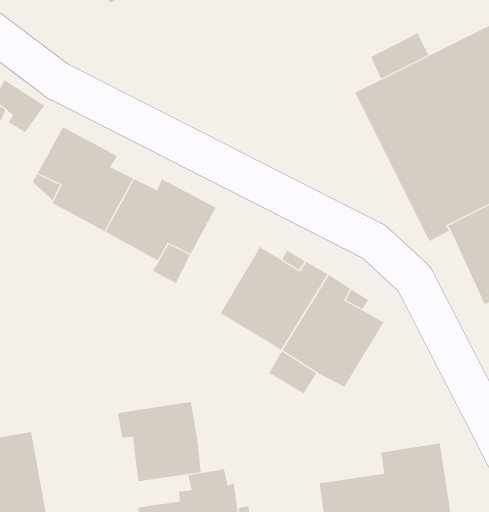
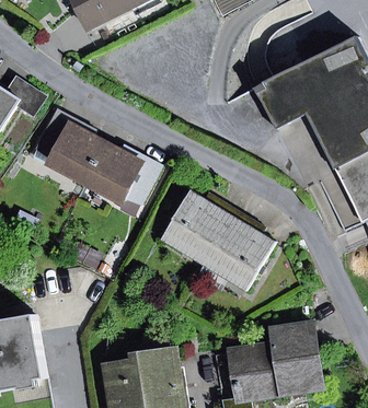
building: [117,401,201,482] -> none

